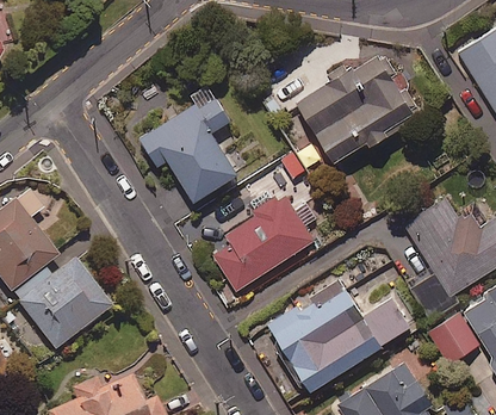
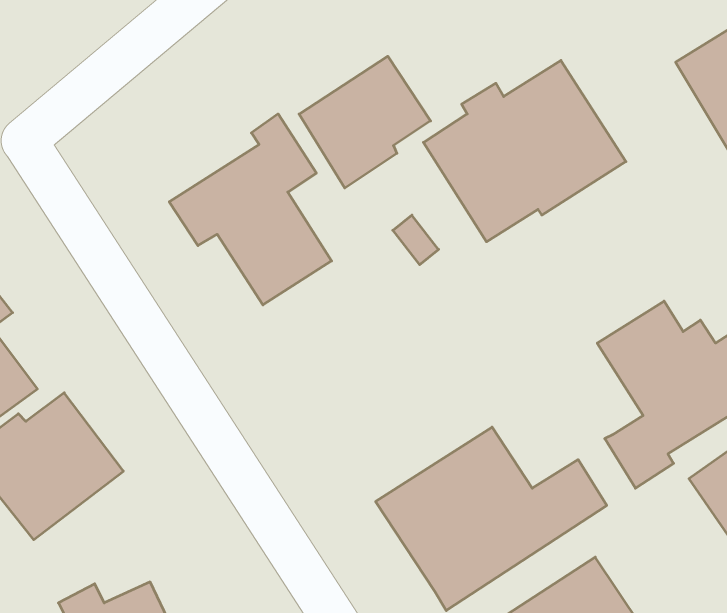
building: none -> [299,56,431,188]
building: [213,191,315,290] -> none
building: [429,314,478,364] -> none

